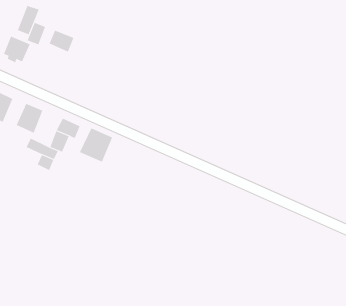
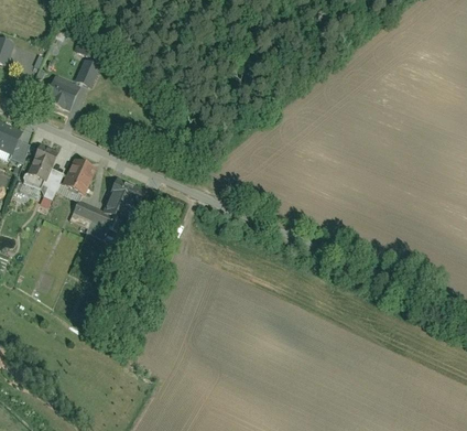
building: [17,5,40,35] -> none
building: [49,30,74,53] -> none
building: [79,127,113,162] -> none

